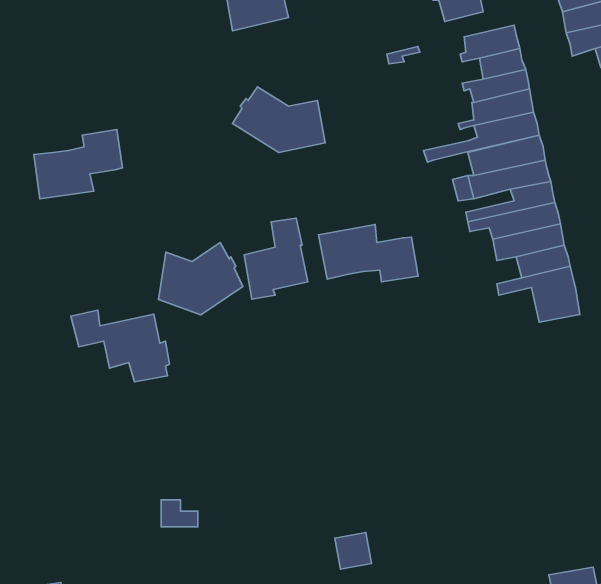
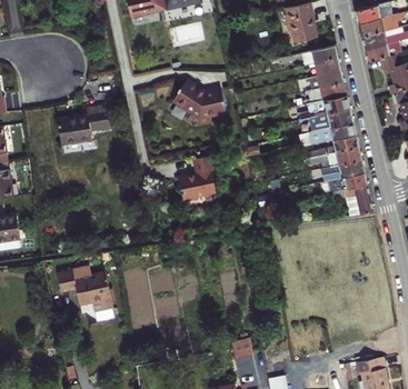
building: [318,225,418,282] -> none
building: [159,243,243,315] -> none
building: [71,310,169,382] -> [58,270,115,311]

